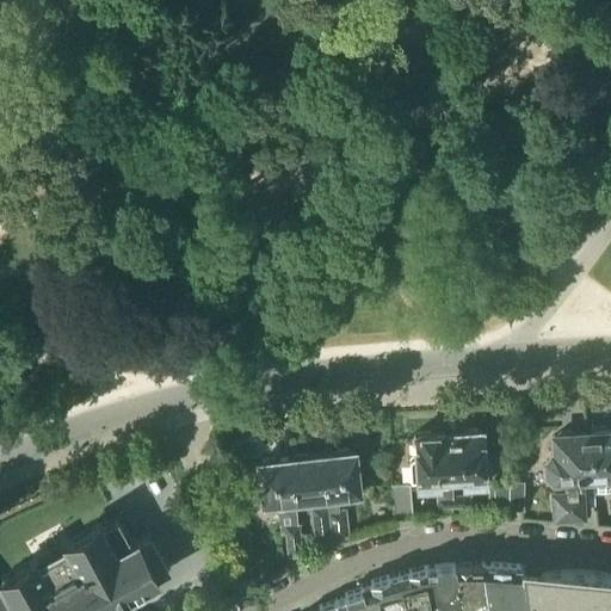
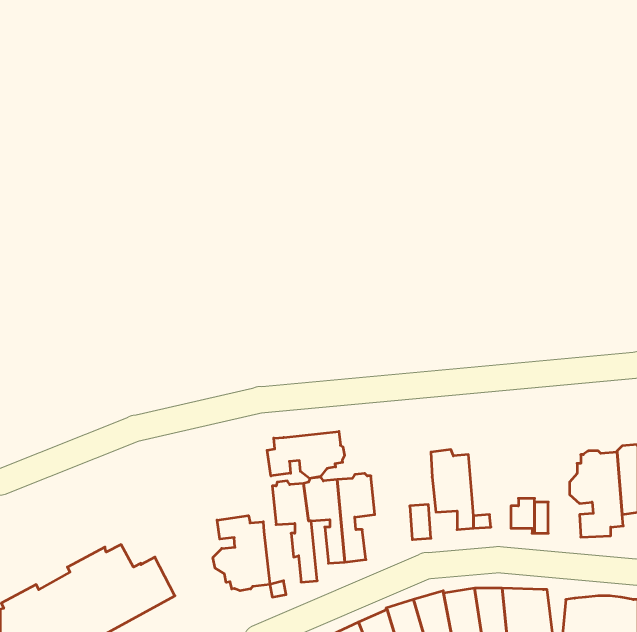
building: none -> [267,431,345,478]
building: [449,433,487,493] -> none
building: none -> [213,516,270,591]

